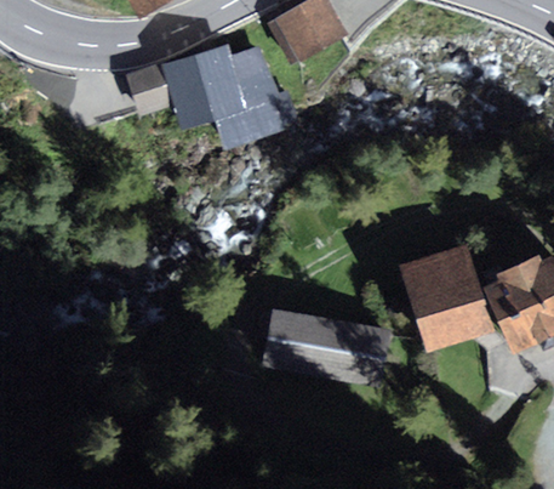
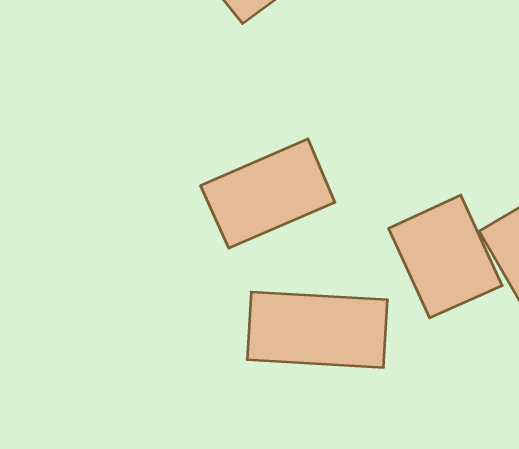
building: [128,46,284,152] -> none
building: none -> [201,139,335,248]

